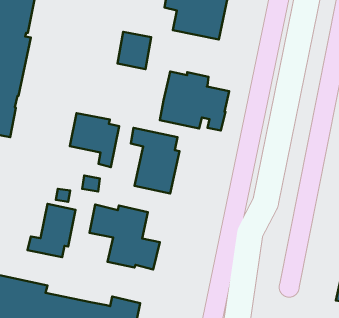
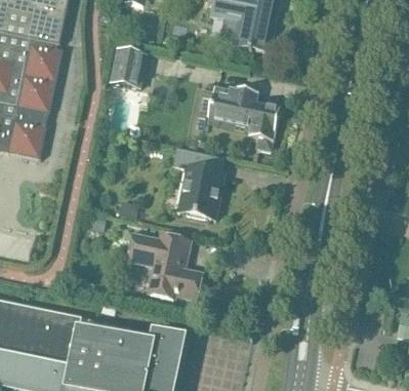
building: [117,32,151,69] -> [110,47,147,88]
building: [70,113,119,167] -> none
building: [28,204,75,257] -> none

